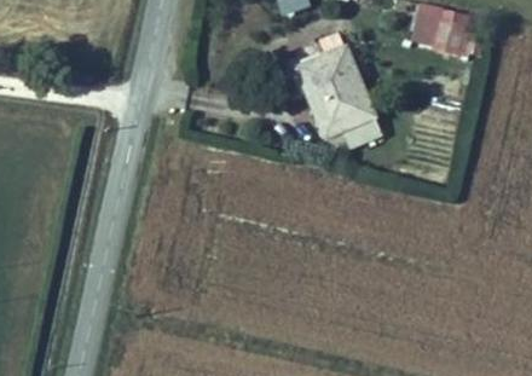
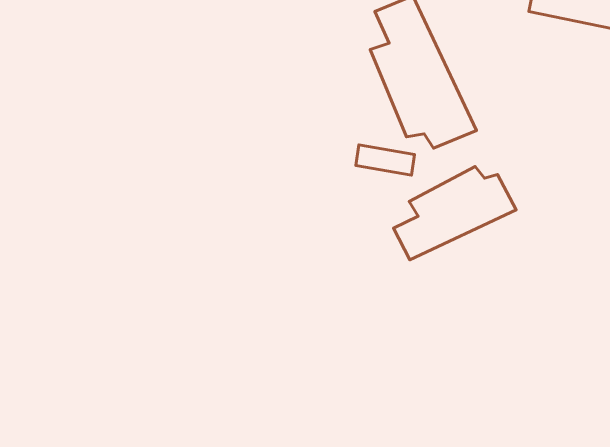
building: none -> [393,166,516,260]

